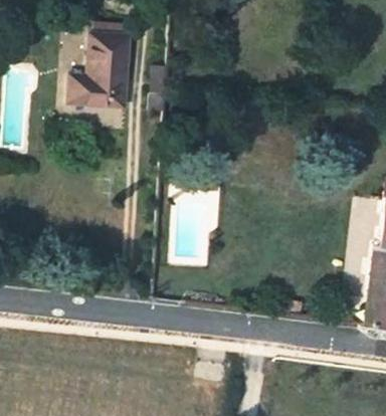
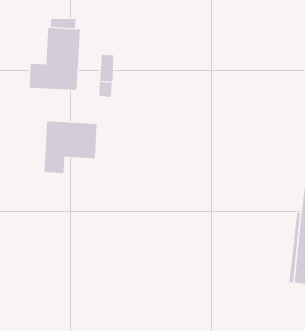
building: none -> [44,121,97,174]

